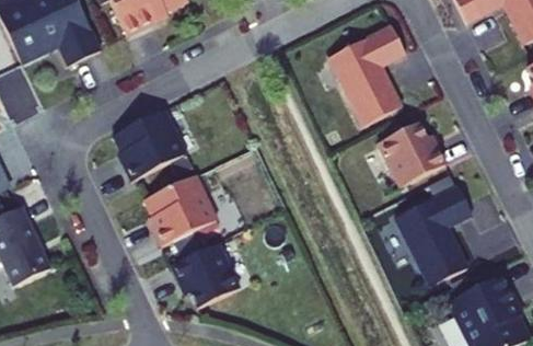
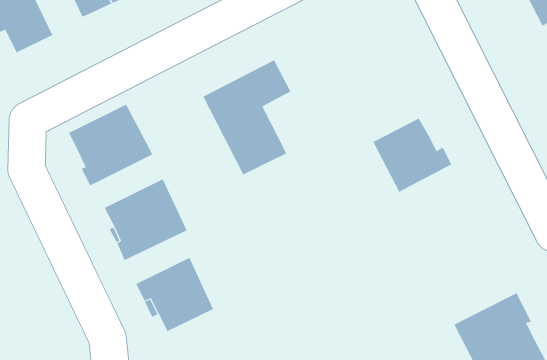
building: [327,25,404,125] -> [202,60,291,175]
building: [394,185,471,285] -> none

